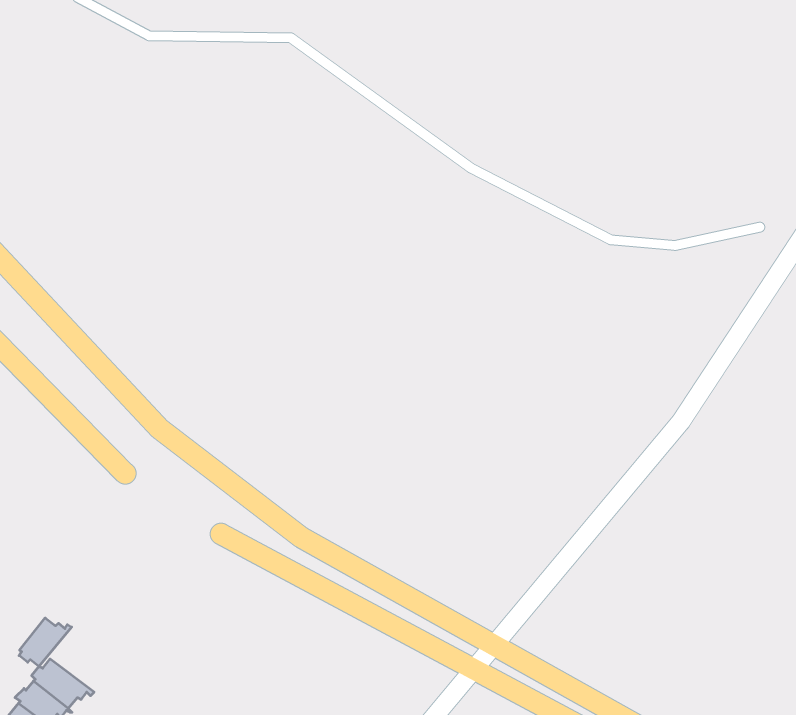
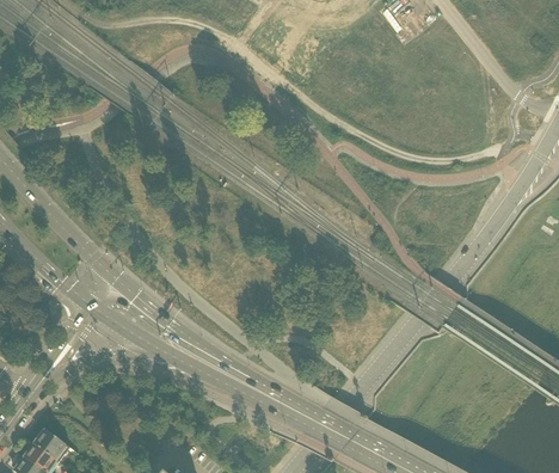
building: [19,618,72,666] -> none

